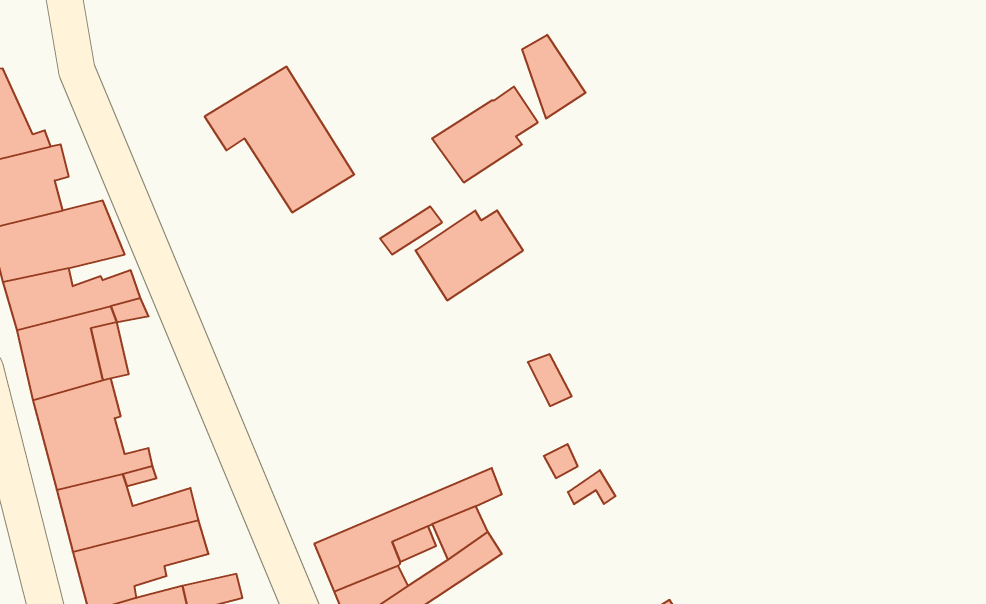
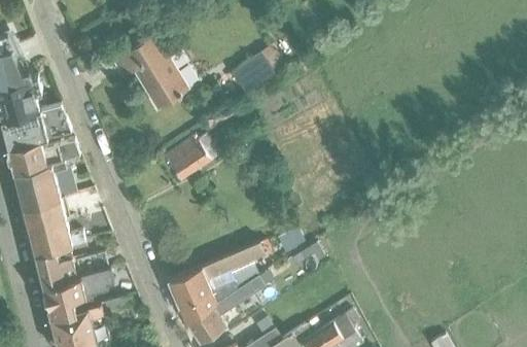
building: [522,35,586,119] -> none
building: [415,210,523,300] -> [163,135,218,181]

